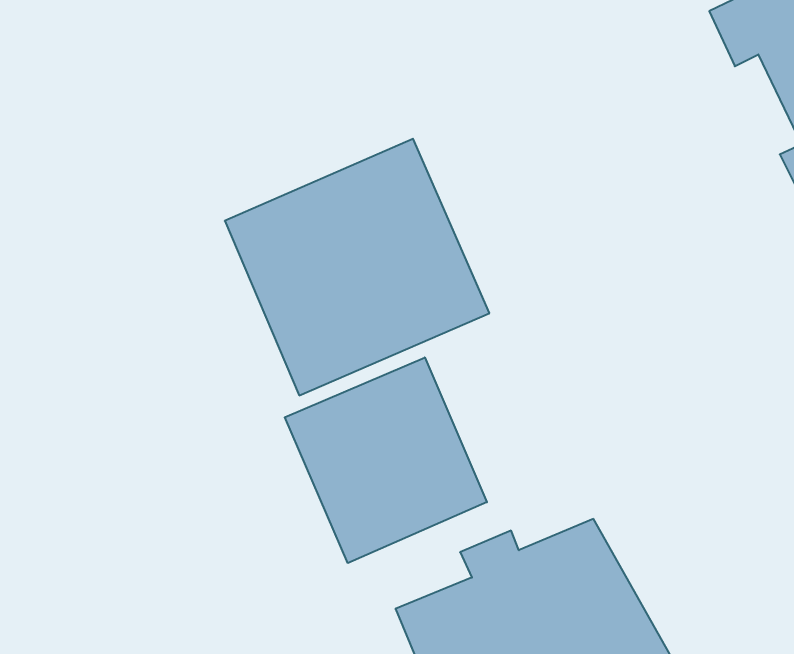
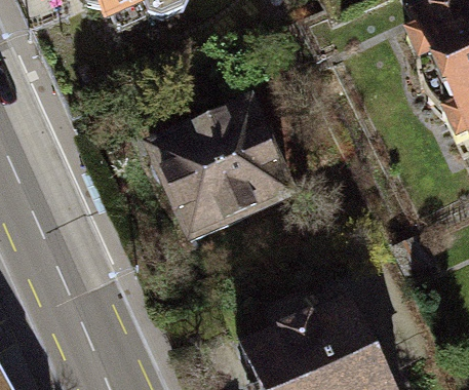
building: [285,357,487,563] -> none

